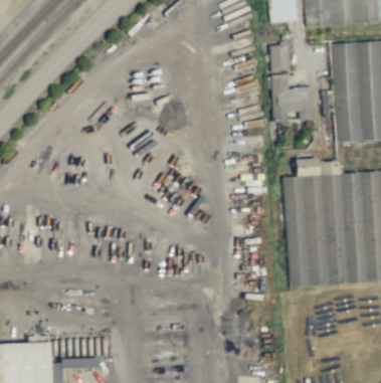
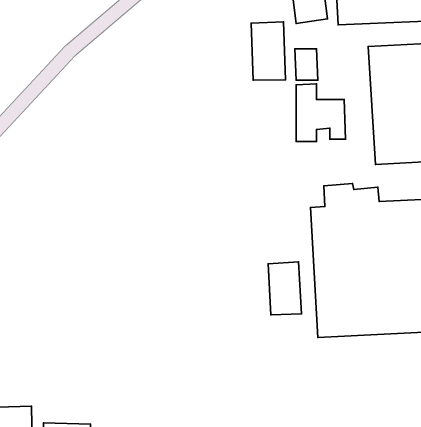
building: none -> [251,22,286,80]
building: none -> [268,262,301,315]

